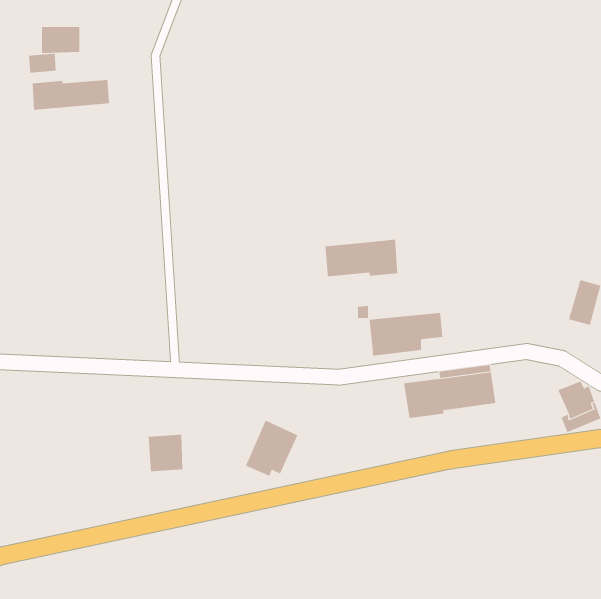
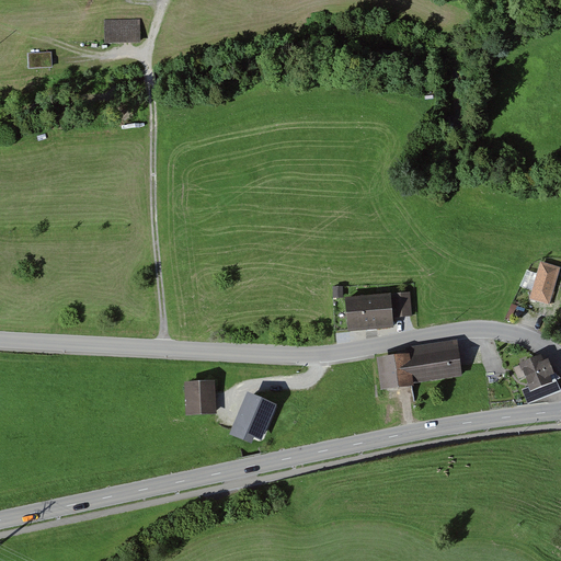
building: [41,26,80,53] -> [103,16,139,42]
building: [32,79,109,111] -> none
building: [325,239,398,277] -> none
building: [148,434,183,472] -> [183,379,216,414]

